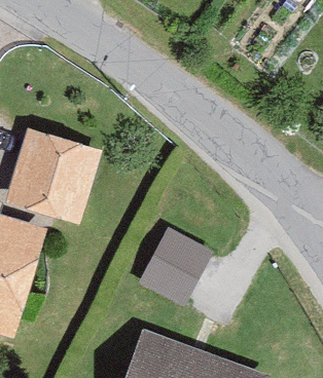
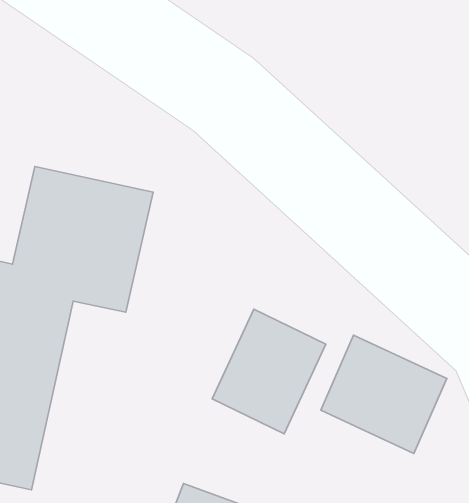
building: none -> [321,335,447,454]

